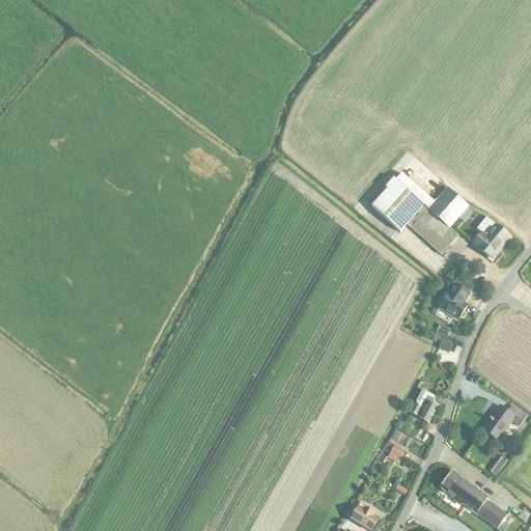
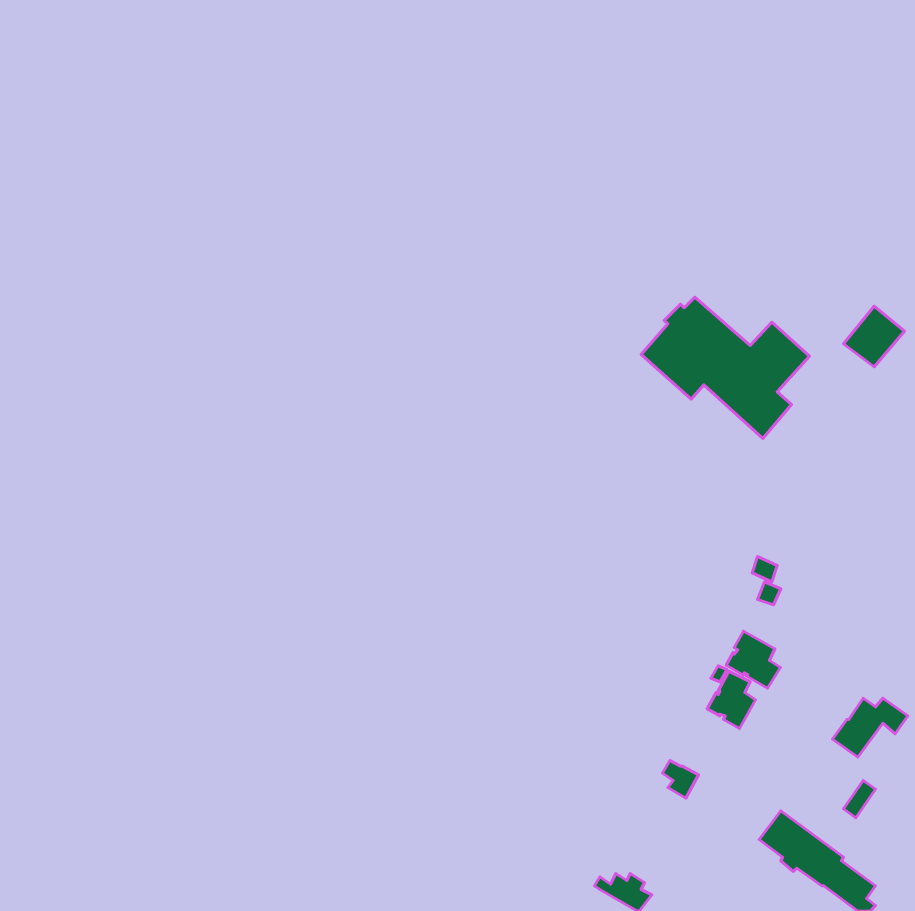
building: [474,221,509,256] -> [844,306,905,367]
building: [440,283,469,318] -> none
building: none -> [726,631,780,688]

